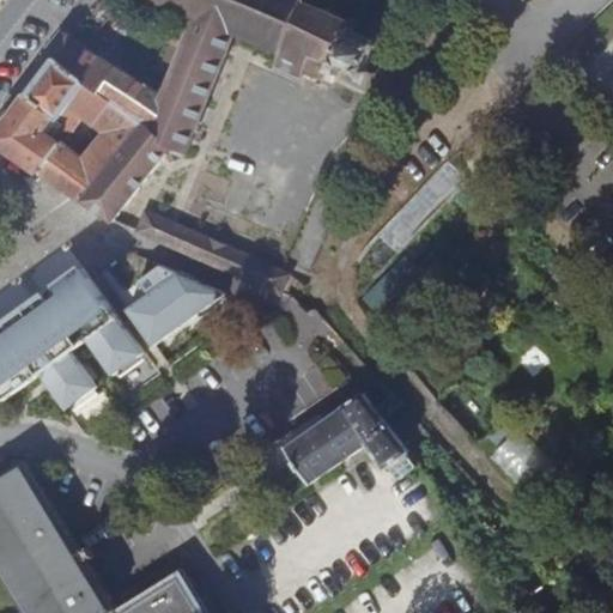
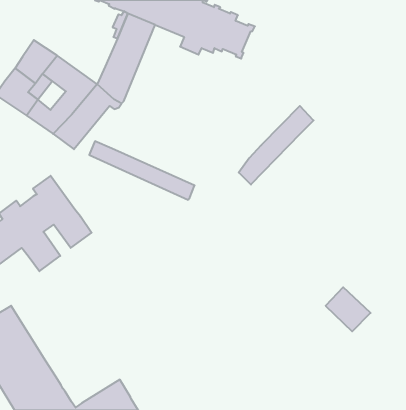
building: [50,38,157,126] -> none
building: [121,261,218,342] -> none
building: [279,389,413,484] -> none

